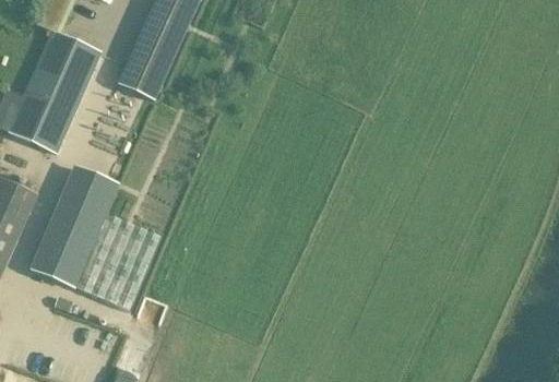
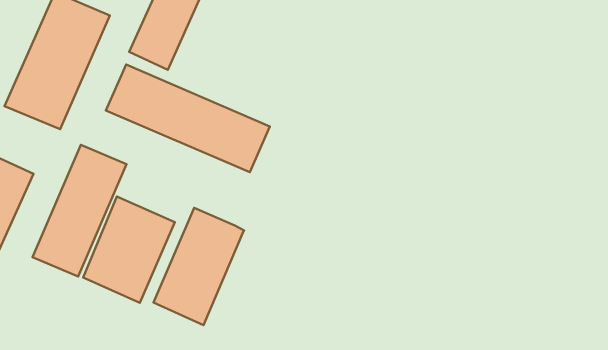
building: none -> [106,65,270,172]
building: none -> [153,208,244,325]

